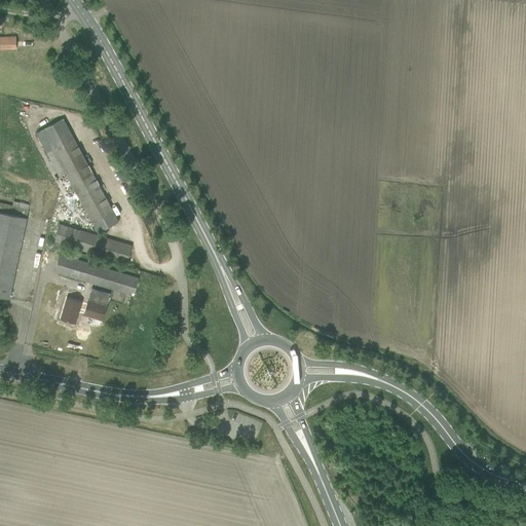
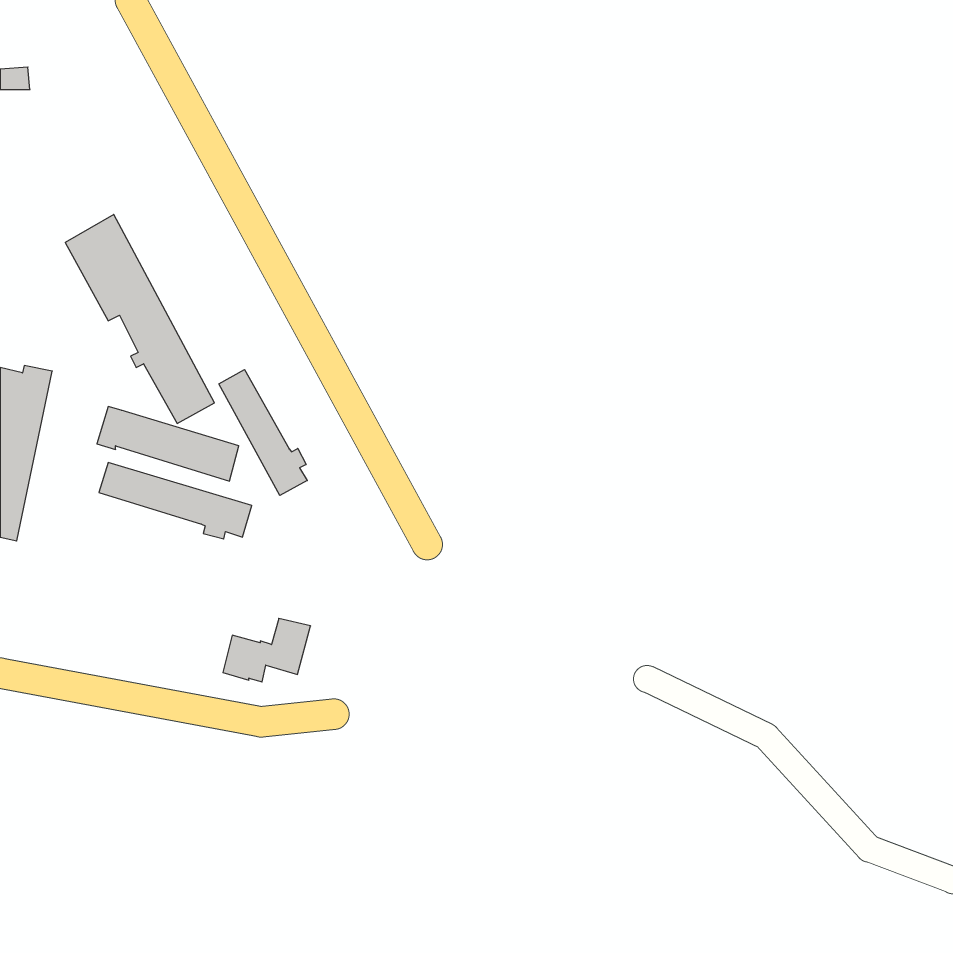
building: none -> [219,370,307,495]
building: [61,289,109,324] -> [223,618,311,682]

